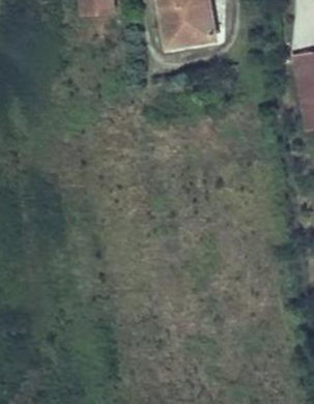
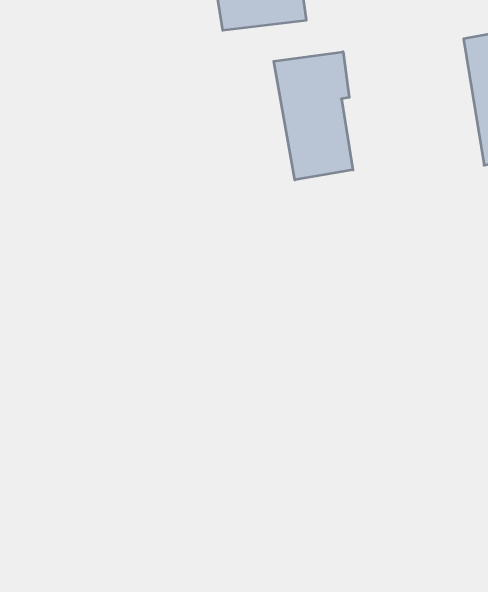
building: none -> [274,52,353,180]

